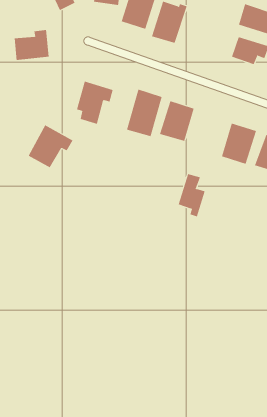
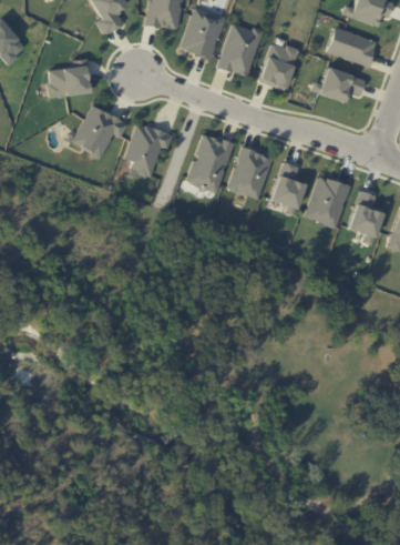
building: none -> [259,41,298,90]
building: [28,125,73,168] -> [72,104,129,159]
building: [178,173,205,217] -> [270,162,305,216]

